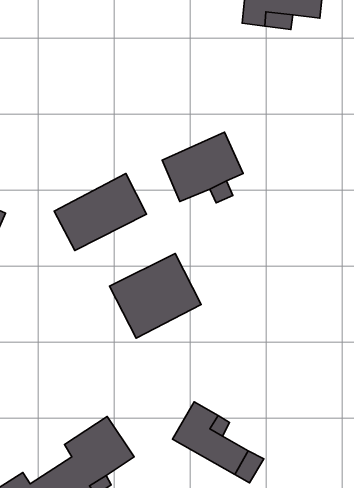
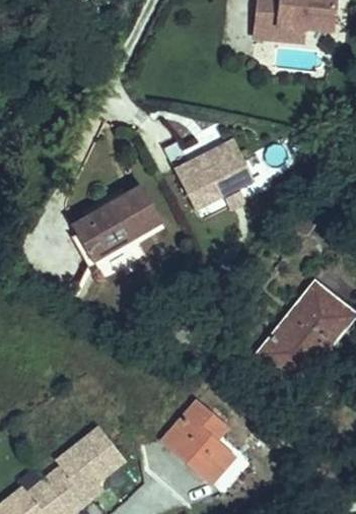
building: [110,253,201,338] -> none
building: none -> [254,281,349,379]

